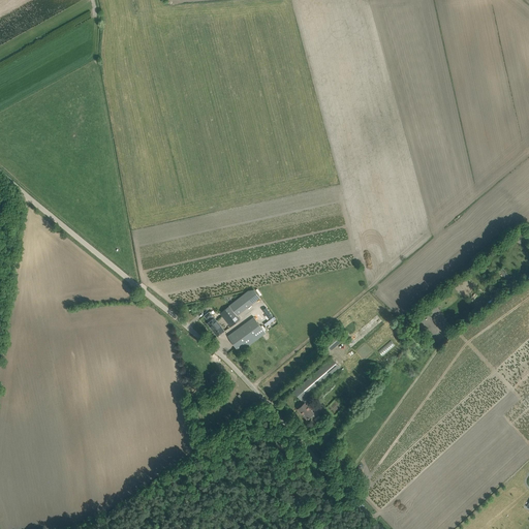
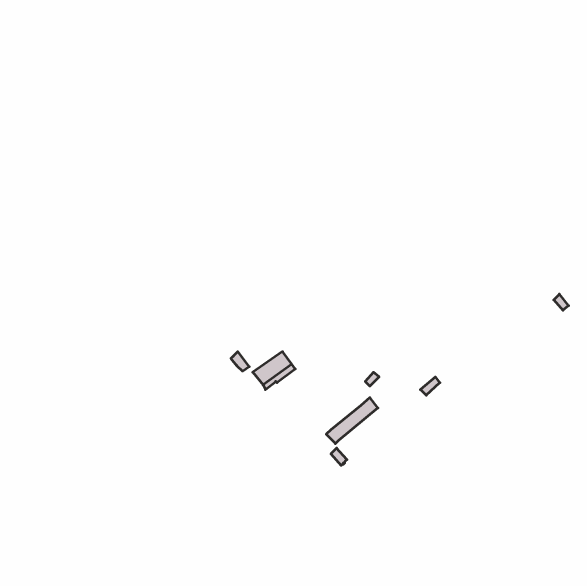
building: [221,289,255,324] -> none

